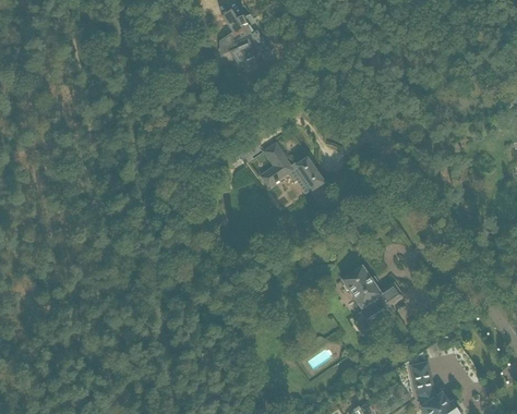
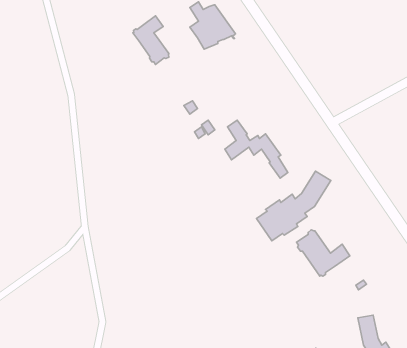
building: none -> [133,16,169,64]
building: none -> [257,171,331,241]

